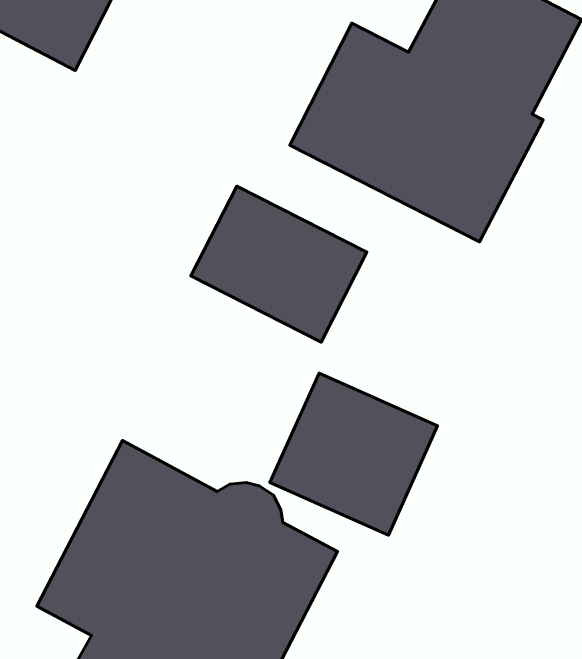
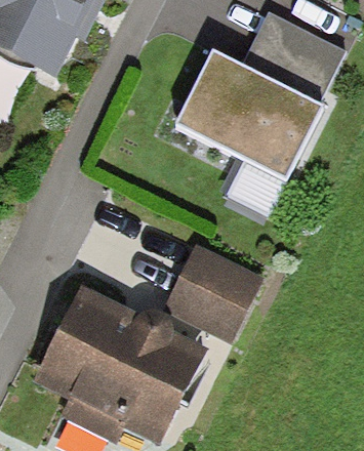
building: [191,186,367,342] -> none

